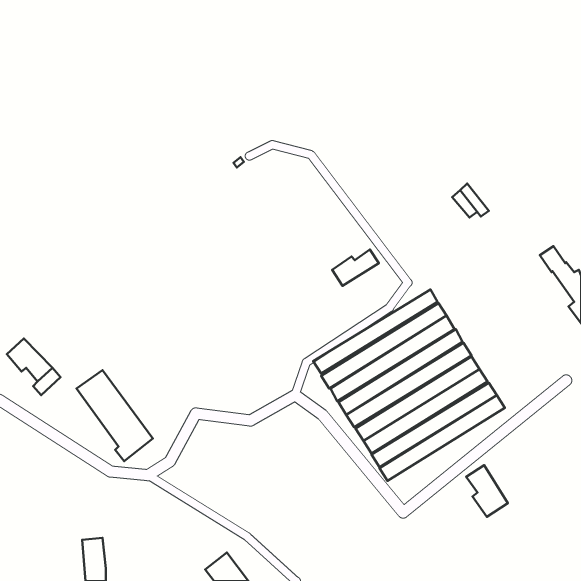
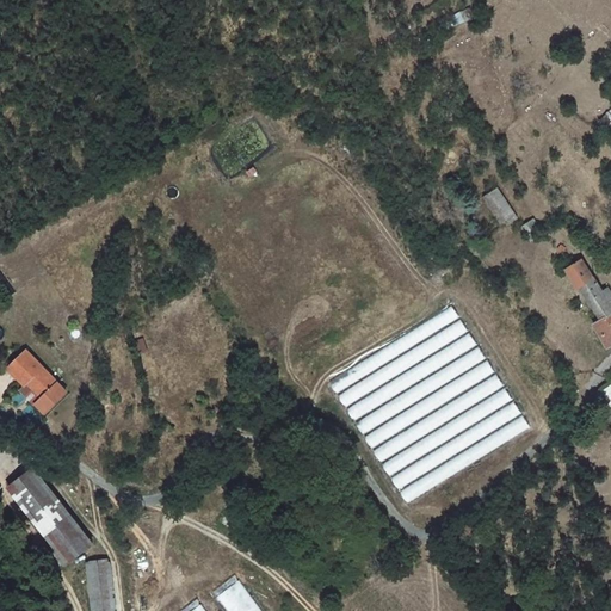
building: [332,249,379,286] -> none
building: [76,370,153,461] -> [14,473,94,568]
building: [466,465,508,517] -> none

